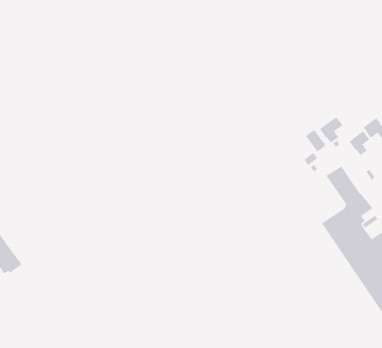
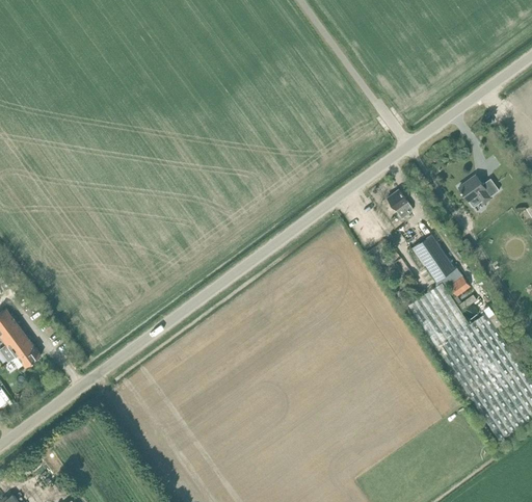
building: [319,117,343,144] -> none
building: [349,131,370,156] -> none

